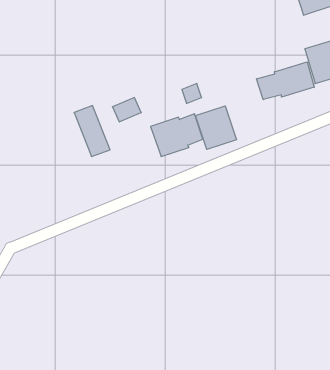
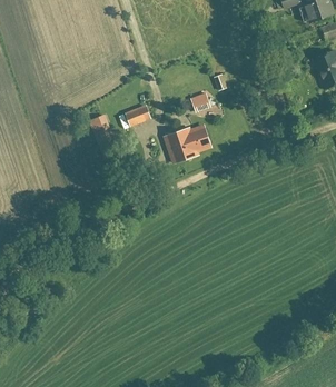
building: [257,62,314,100] -> none
building: [195,106,236,149] -> none

